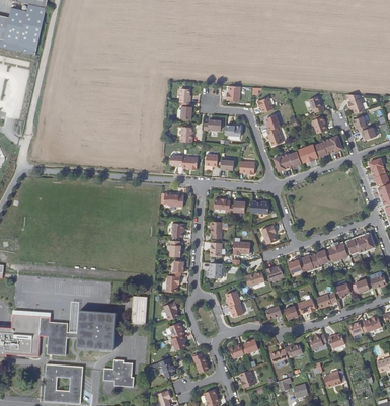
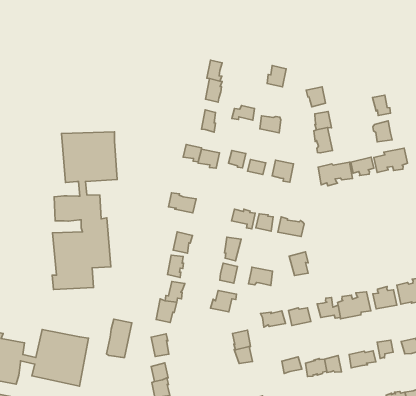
building: none -> [52,132,117,290]

